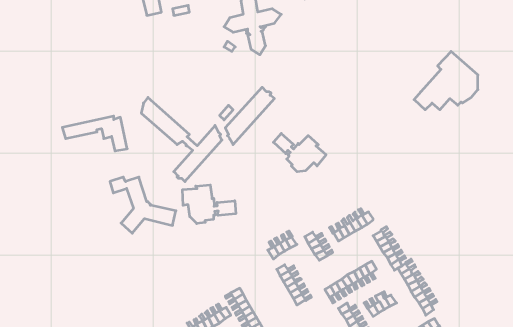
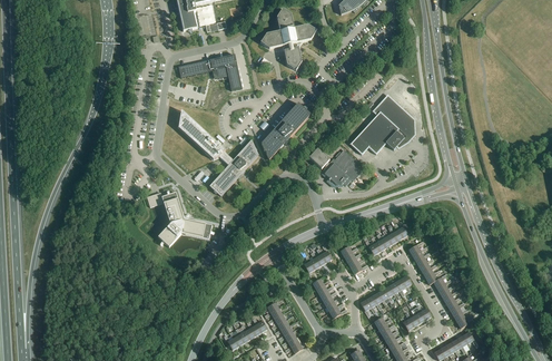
building: [414,51,478,110] -> [351,95,414,153]
building: [62,116,127,151] -> [178,55,243,89]
building: [183,185,236,224] -> none

